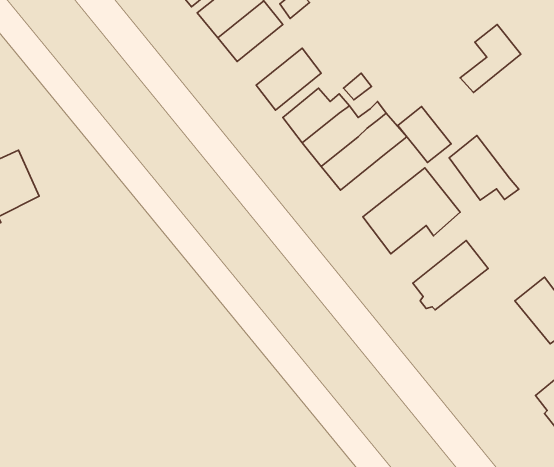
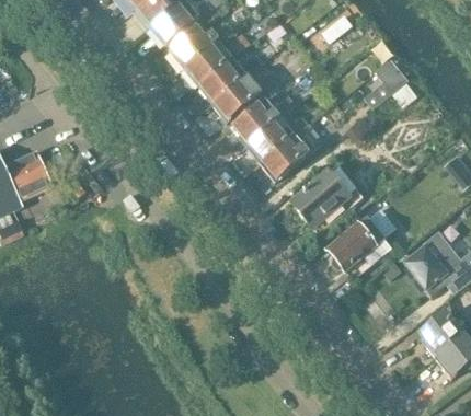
building: none -> [198,57,246,102]
building: [398,107,451,163] -> none
building: [449,136,519,200] -> none

